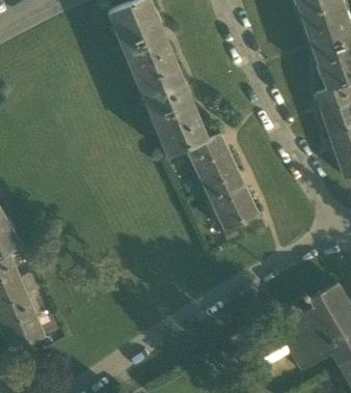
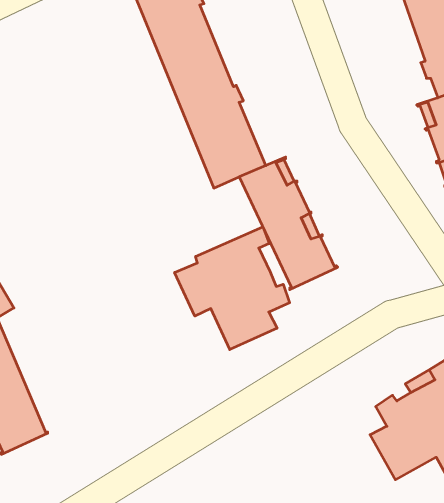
building: none -> [175,227,290,350]

